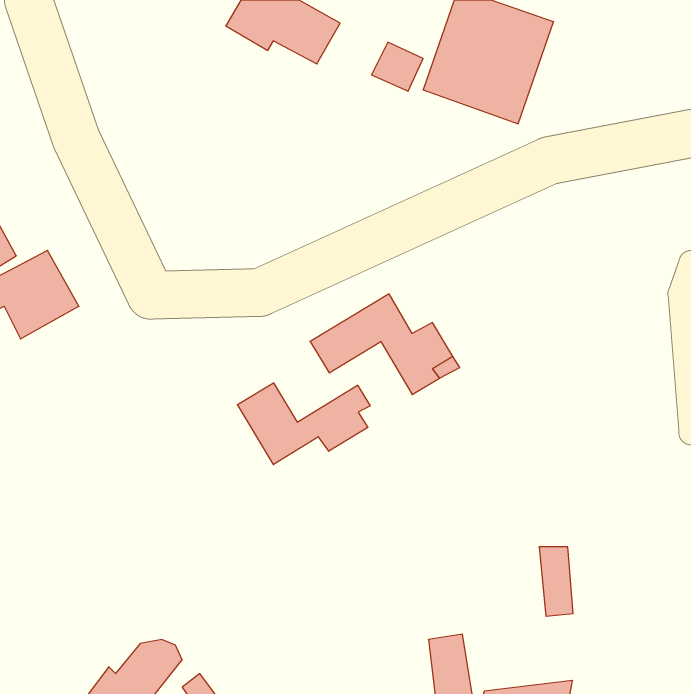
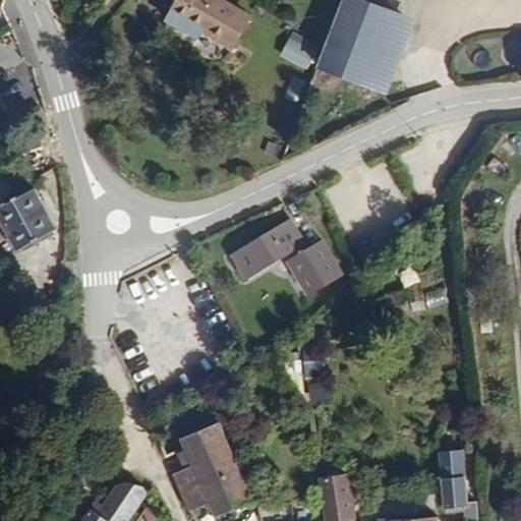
building: [237,383,370,465] -> none
building: [539,547,573,616] -> [442,456,467,508]
building: none -> [164,423,239,516]

